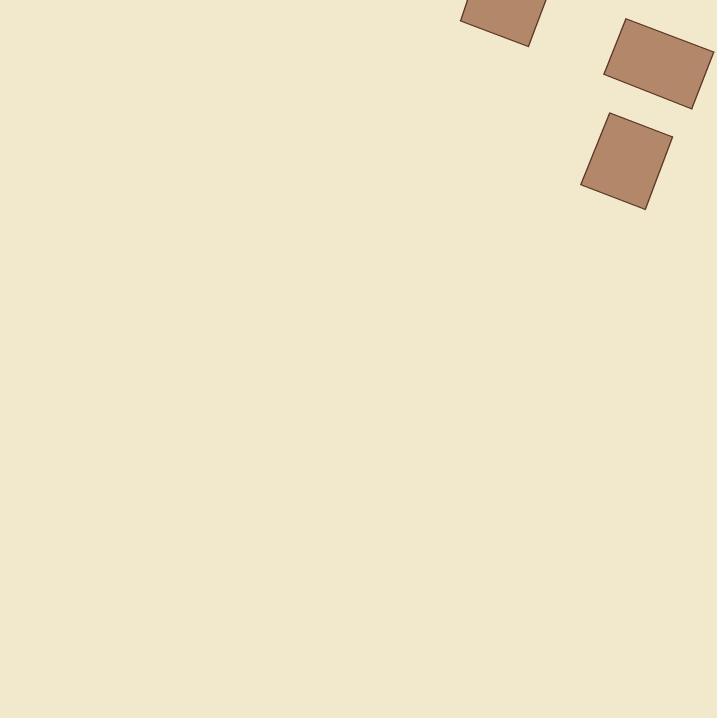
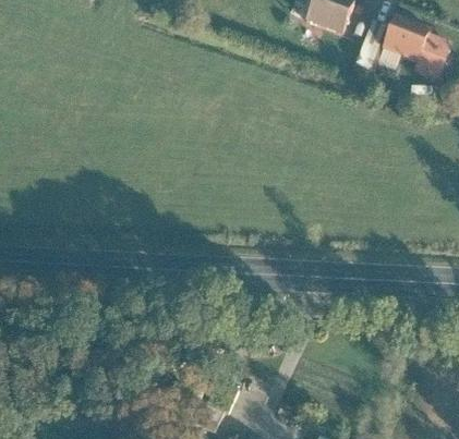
building: [581,113,672,210] -> none

